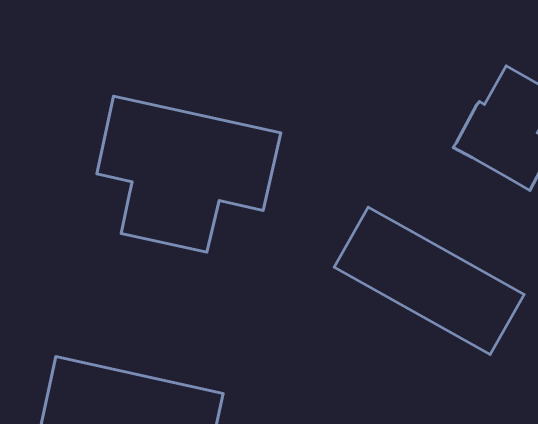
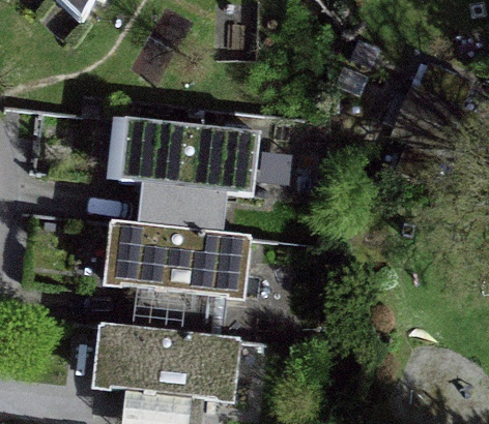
building: [334,207,524,354] -> none
building: none -> [106,220,249,296]

